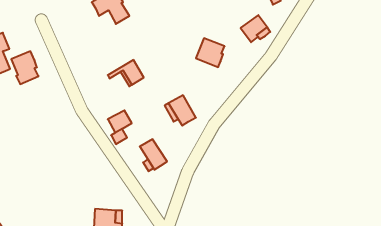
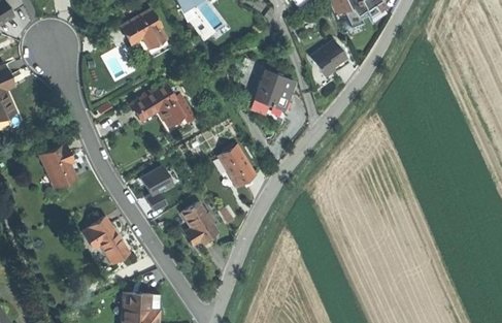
building: none -> [130,83,174,120]
building: [11,51,39,84] -> [40,146,75,188]
building: none -> [83,218,127,262]

